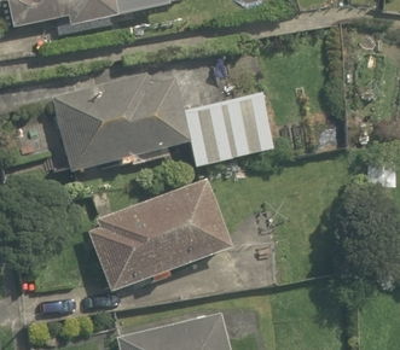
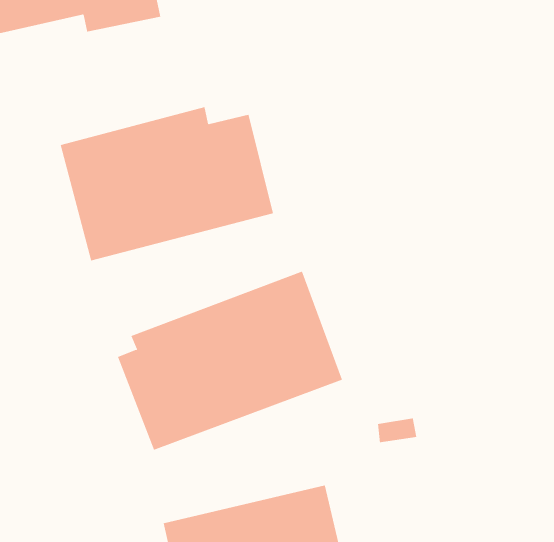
building: [184,95,271,167] -> none

